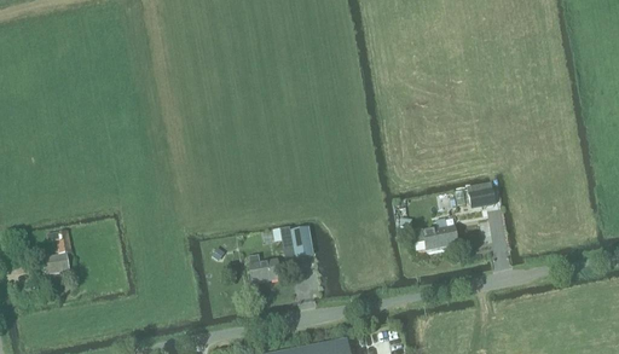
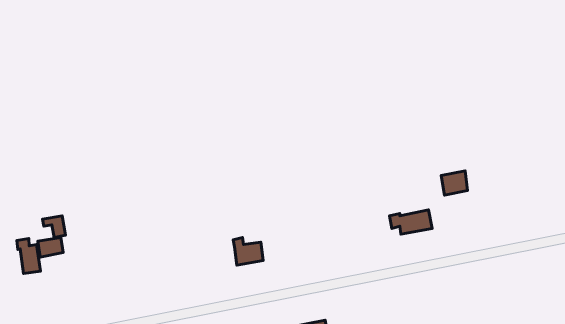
building: [290,225,313,256] -> none
building: none -> [17,239,40,274]

